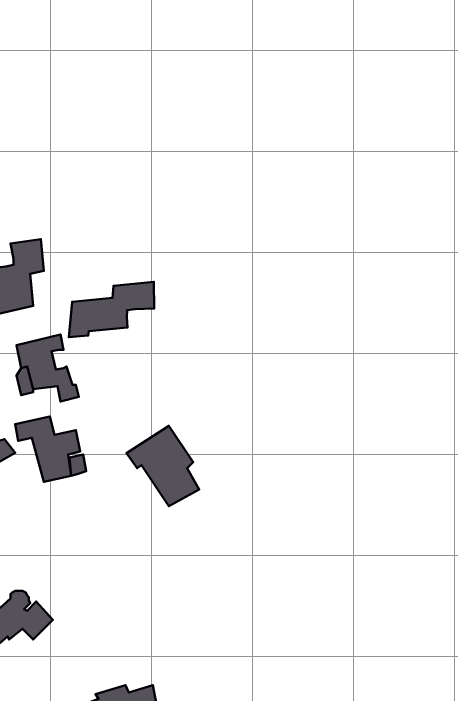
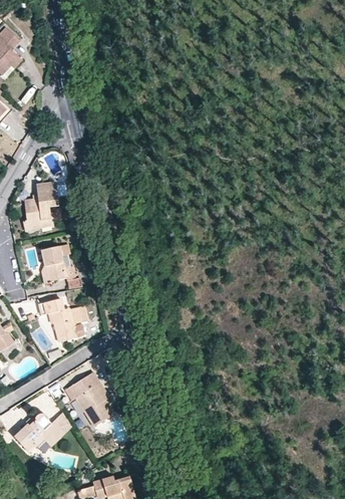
building: [69,282,154,337] -> none
building: [126,426,199,506] -> [65,371,113,425]

